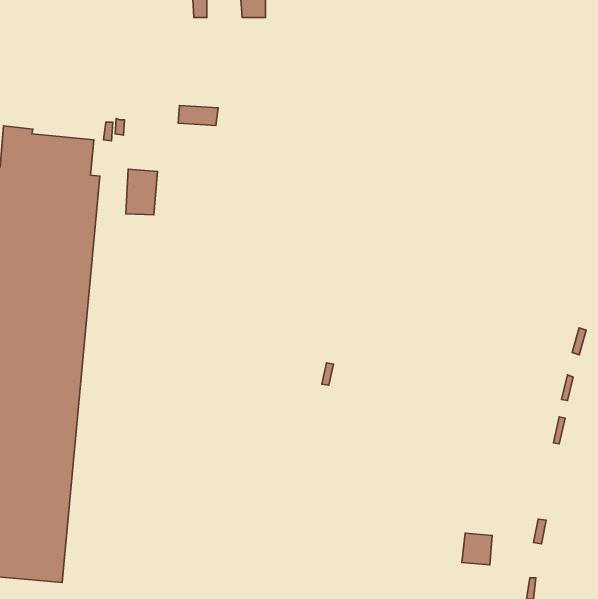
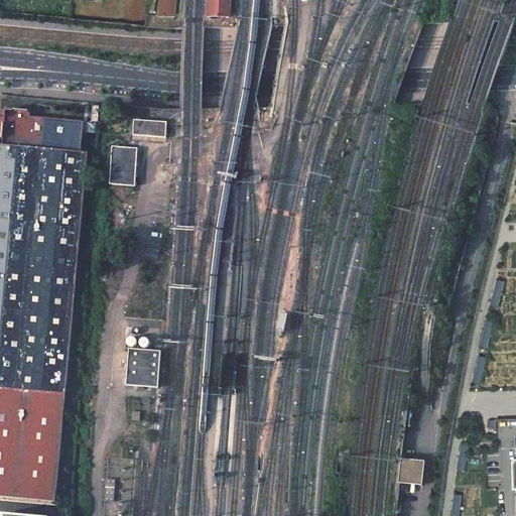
building: [178,105,218,125] -> [131,119,165,136]
building: none -> [124,348,158,386]

